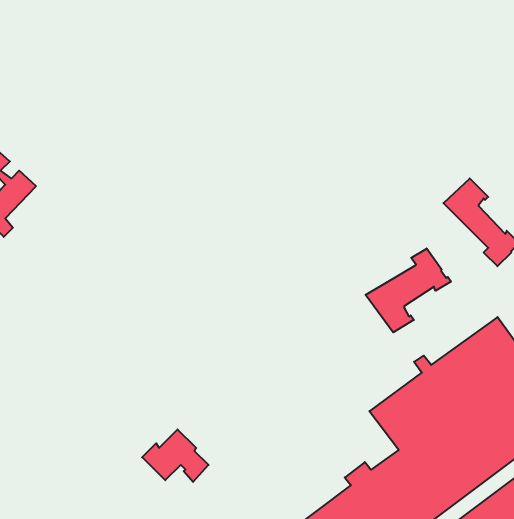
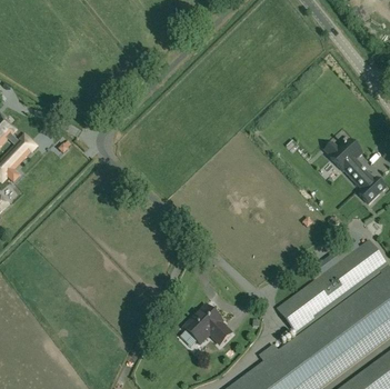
building: [366,248,451,332] -> none
building: [142,429,209,482] -> [184,308,232,346]

